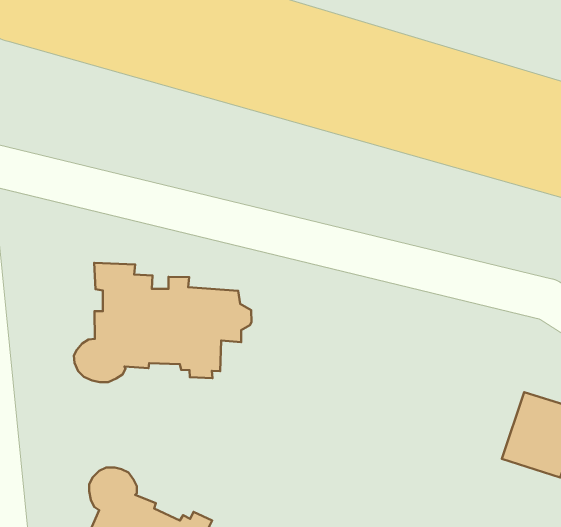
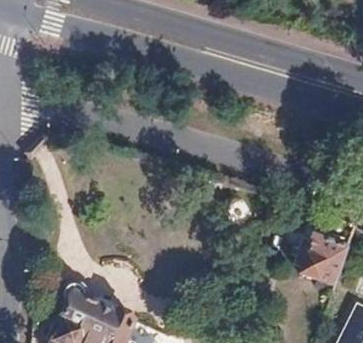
building: [74,263,251,382] -> none

